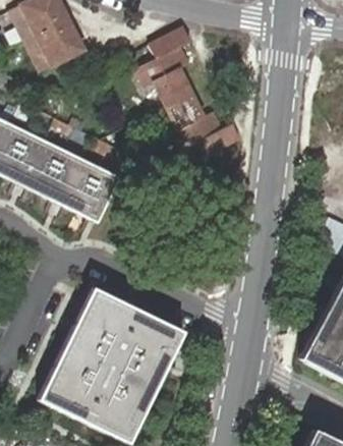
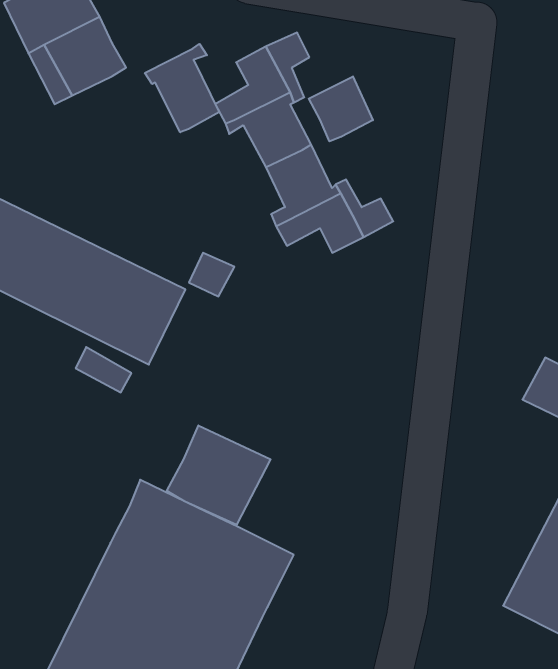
building: none -> [145,44,219,132]
building: none -> [309,76,373,141]
building: none -> [167,425,271,525]

